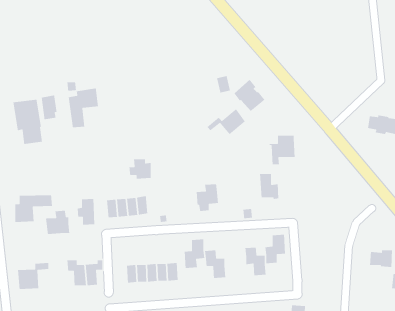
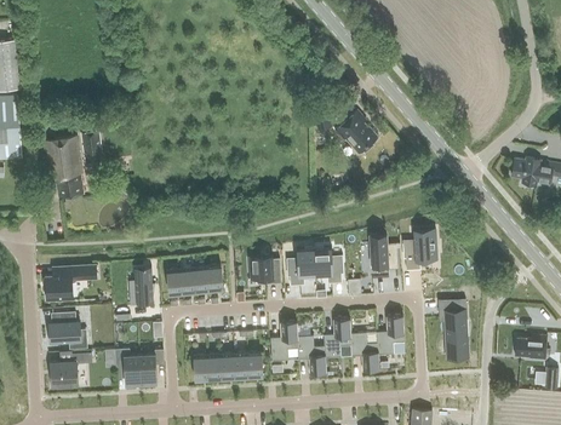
building: [68,87,99,128] -> none
building: [206,108,246,135] -> none
building: [269,135,296,165] -> [401,229,436,269]
building: [128,158,151,179] -> [248,255,279,283]
building: none -> [313,247,342,283]
building: [45,210,70,235] -> [47,311,80,344]
building: none -> [436,299,469,361]
building: none -> [322,317,350,357]

